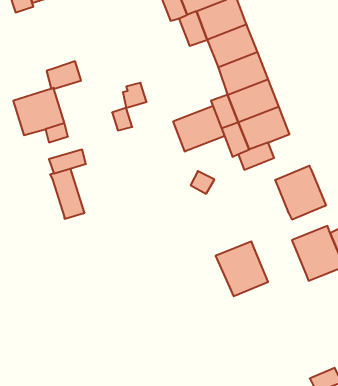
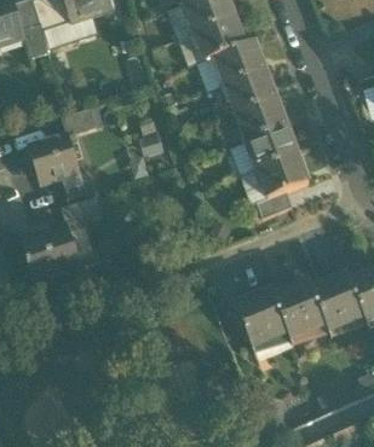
building: [173,106,224,152] -> none
building: [275,166,326,219] -> [276,285,328,339]
building: none -> [25,228,82,284]

